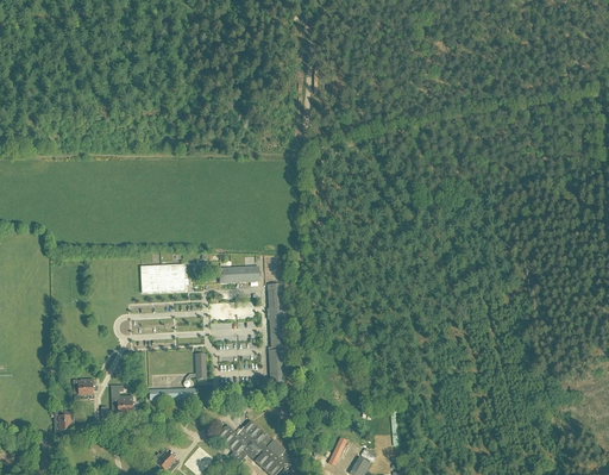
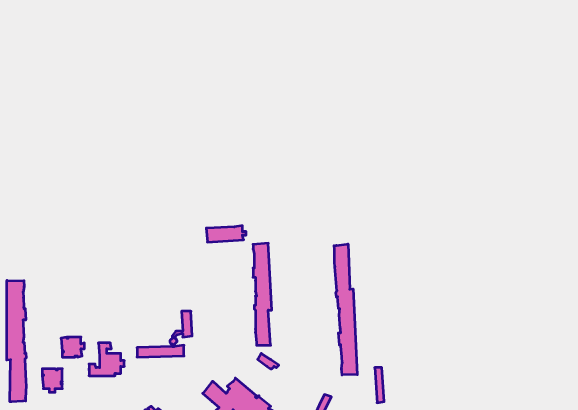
building: [140,264,188,292] -> none
building: none -> [334,244,357,375]
building: none -> [7,280,26,402]

